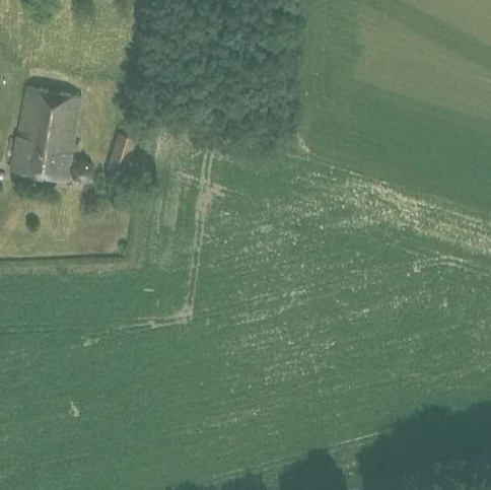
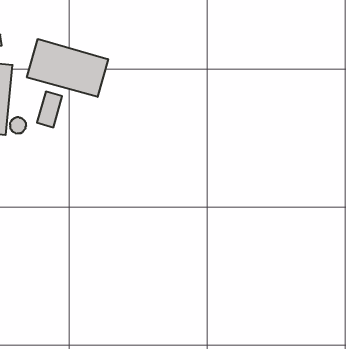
building: none -> [27,39,108,97]

